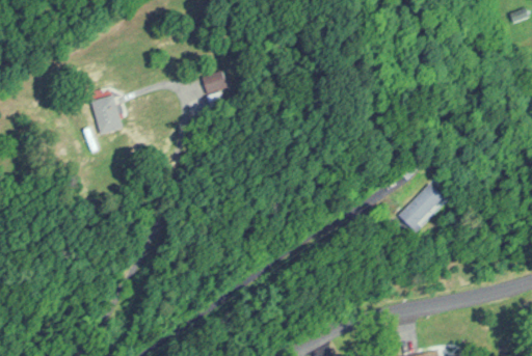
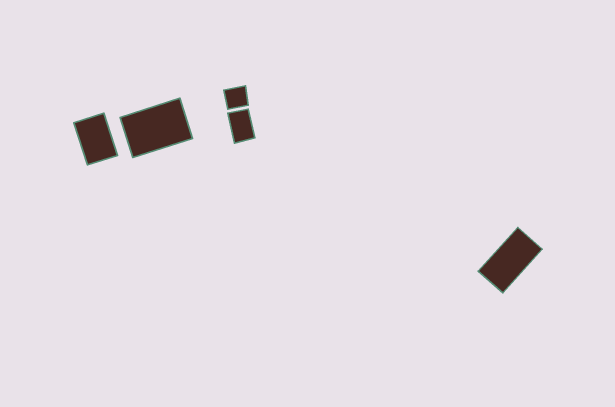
building: none -> [120,98,193,158]

